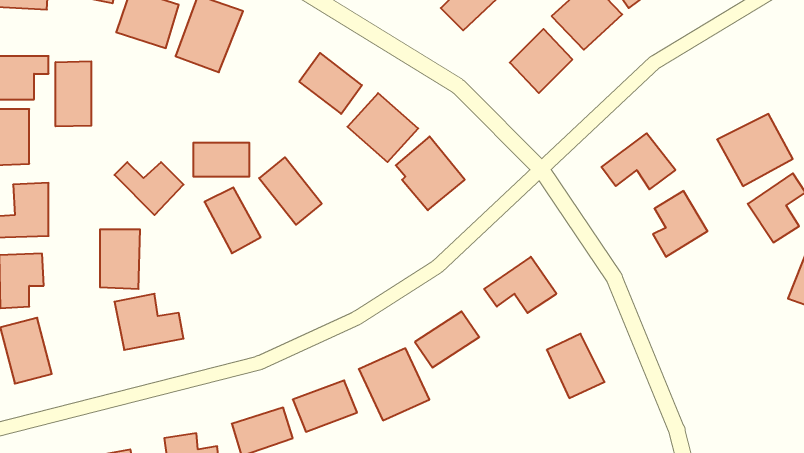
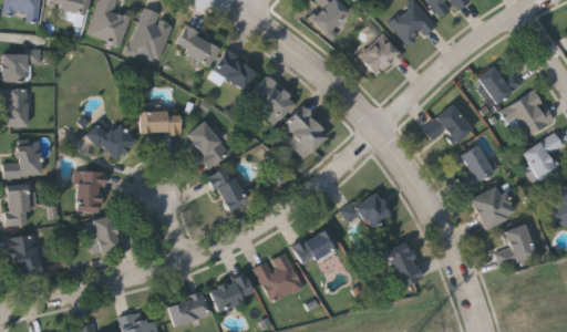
building: none -> [174,24,220,66]
building: [56,61,91,126] -> none
building: none -> [476,65,523,104]
building: [204,187,261,253] -> [208,166,247,211]
building: none -> [472,185,514,227]
building: none -> [494,221,537,267]

